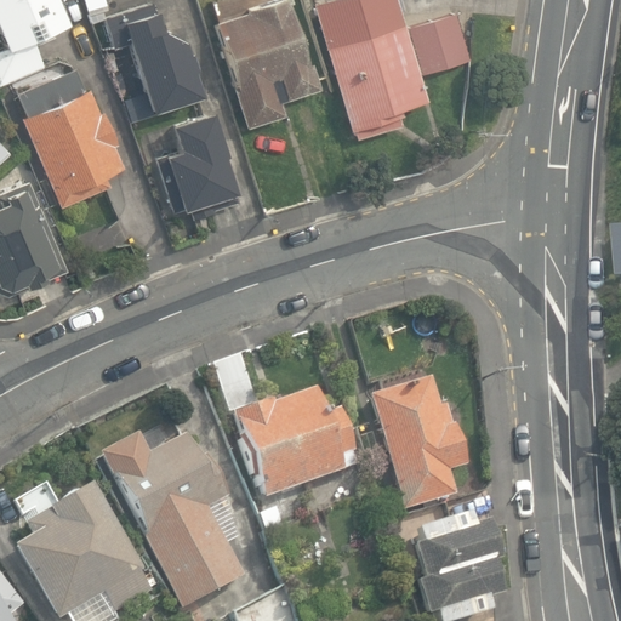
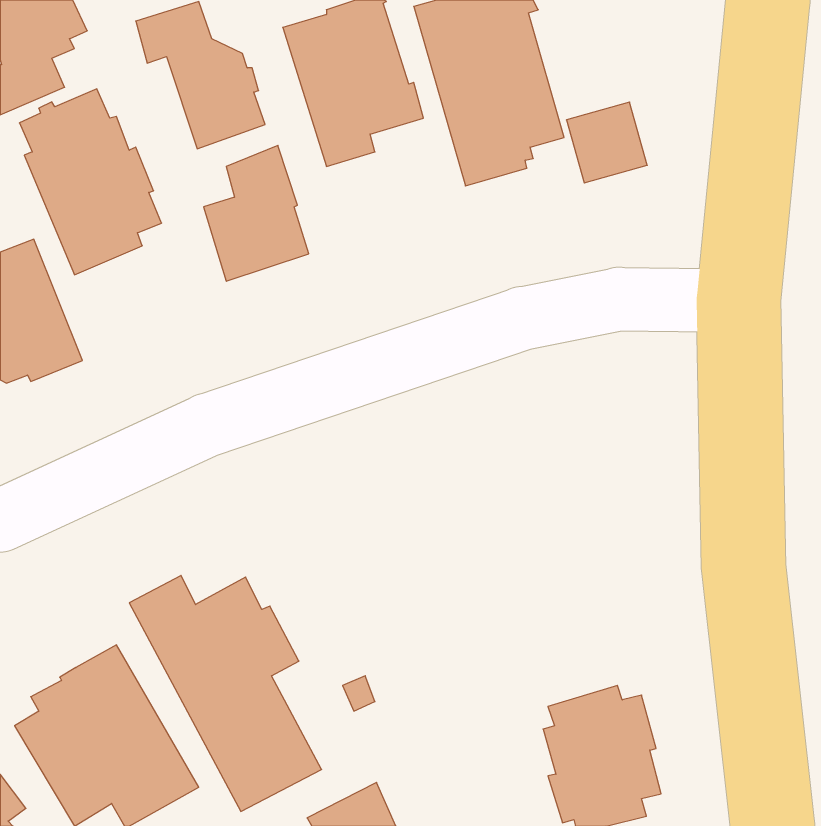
building: [410,12,471,73] -> [566,102,647,183]
building: [216,354,358,498] -> none
building: [371,378,467,509] -> none

